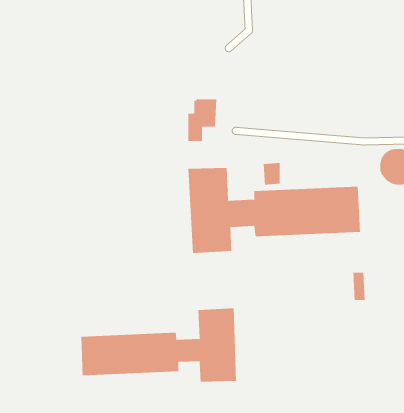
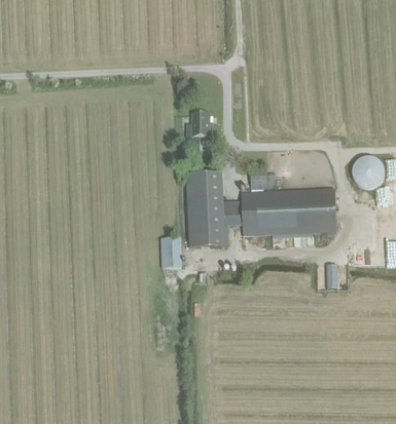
building: none -> [163,237,182,269]
building: [81,307,237,382] -> none

